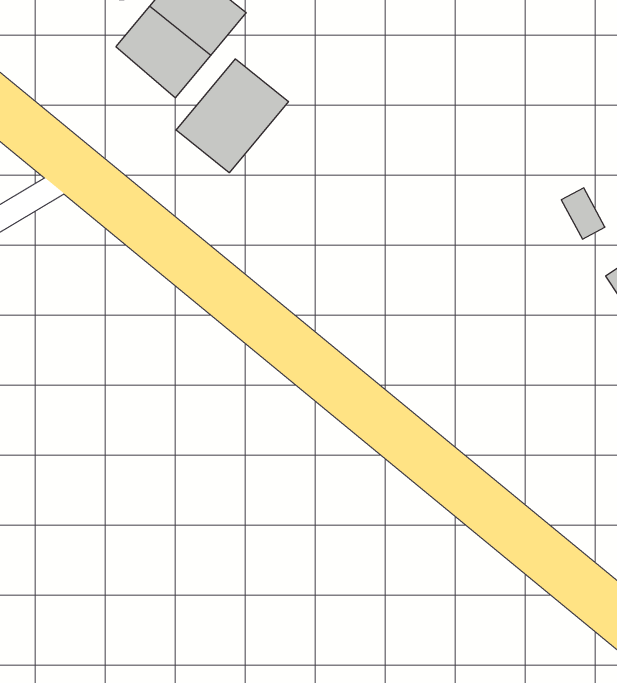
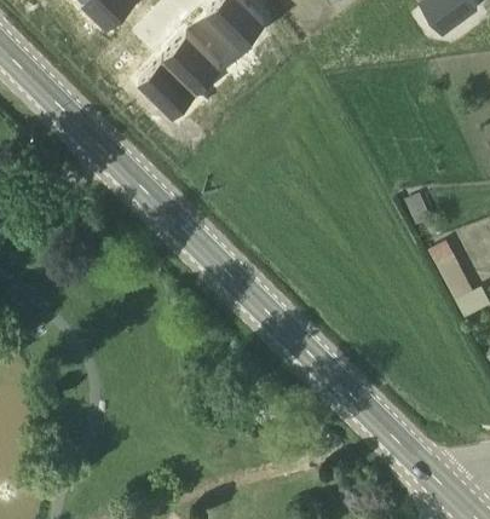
building: [176,59,288,173] -> none

